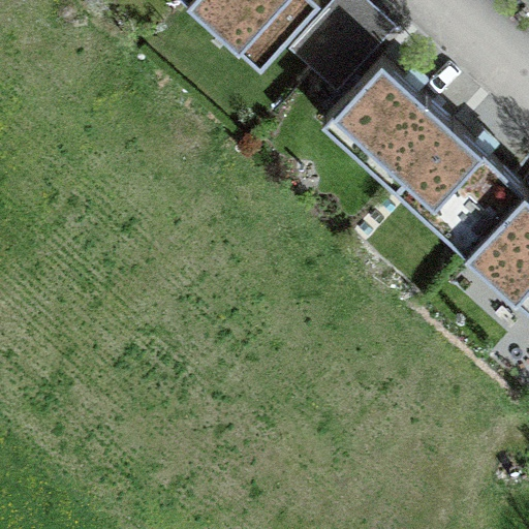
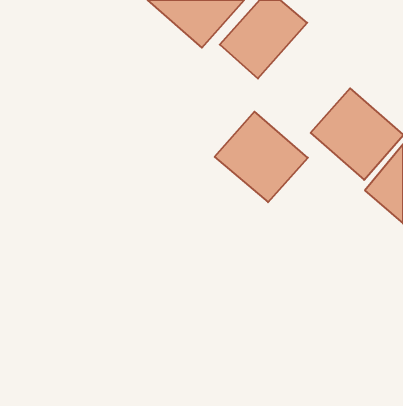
building: [328,64,446,180] -> [215,112,308,202]

